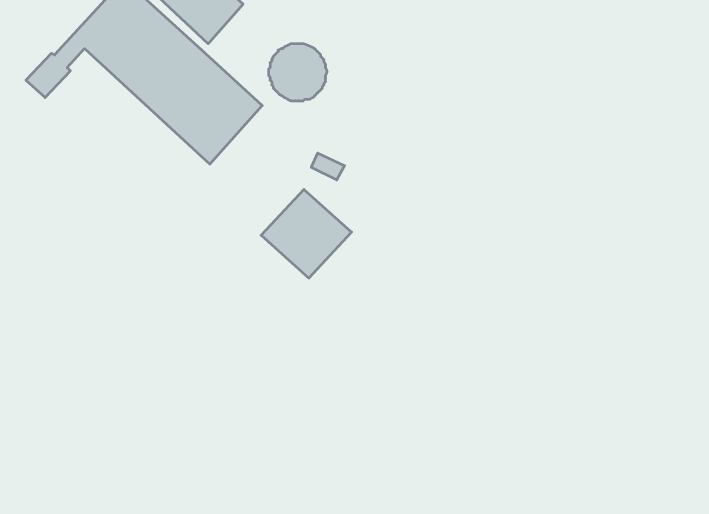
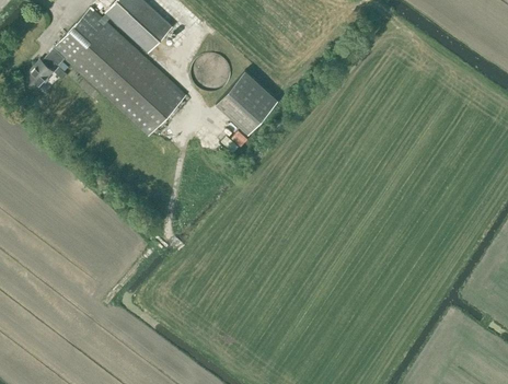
building: [261,189,352,278] -> [216,71,278,132]

